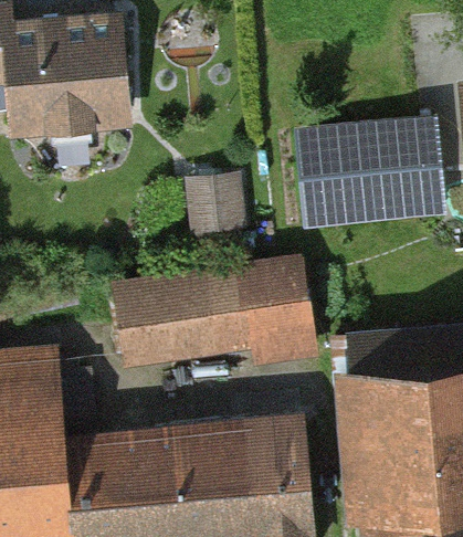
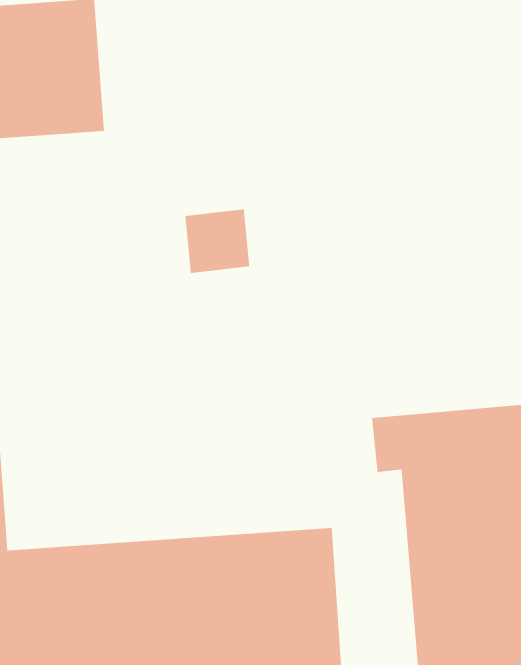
building: [305,129,440,220] -> none
building: [127,268,314,358] -> none

